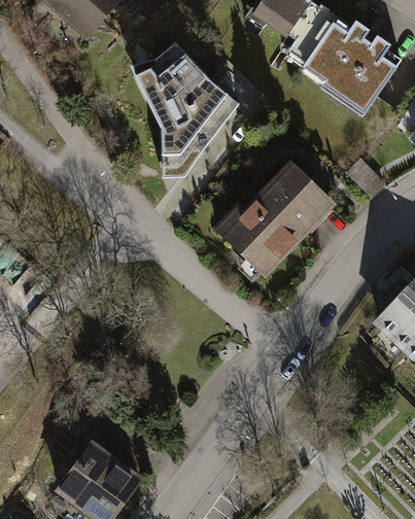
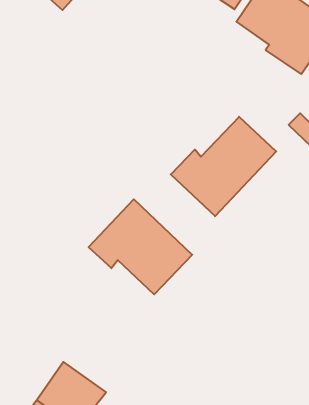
building: [131,42,239,177] -> none
building: none -> [89,199,192,294]

